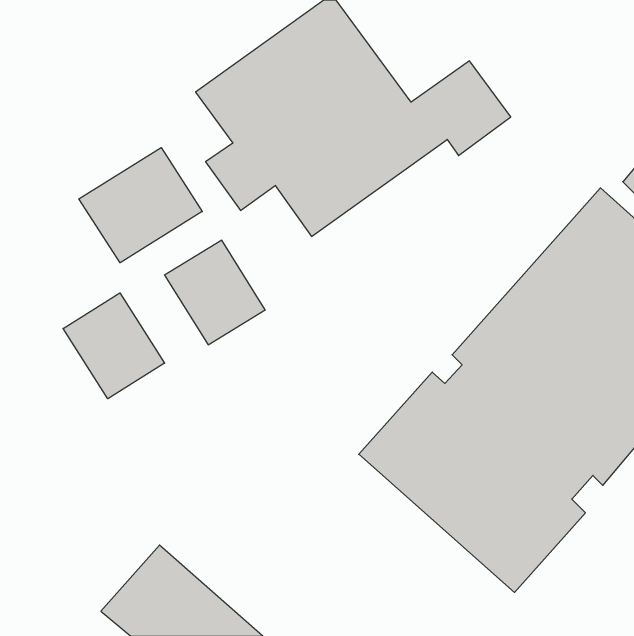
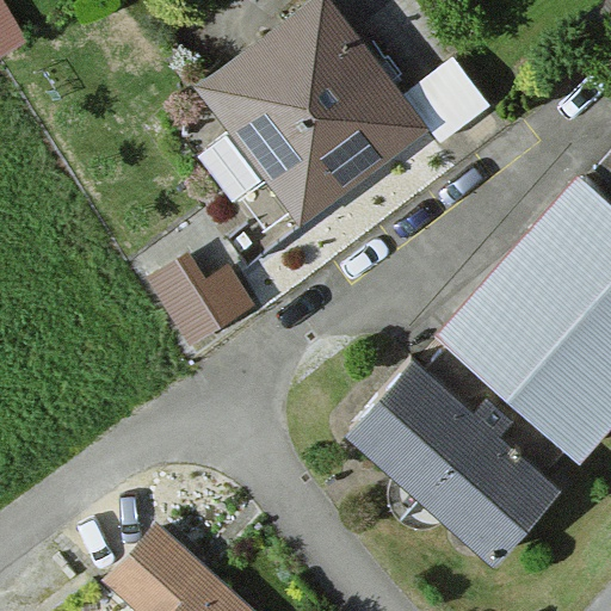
building: [79,148,202,263] -> none
building: [63,293,165,399] -> none

